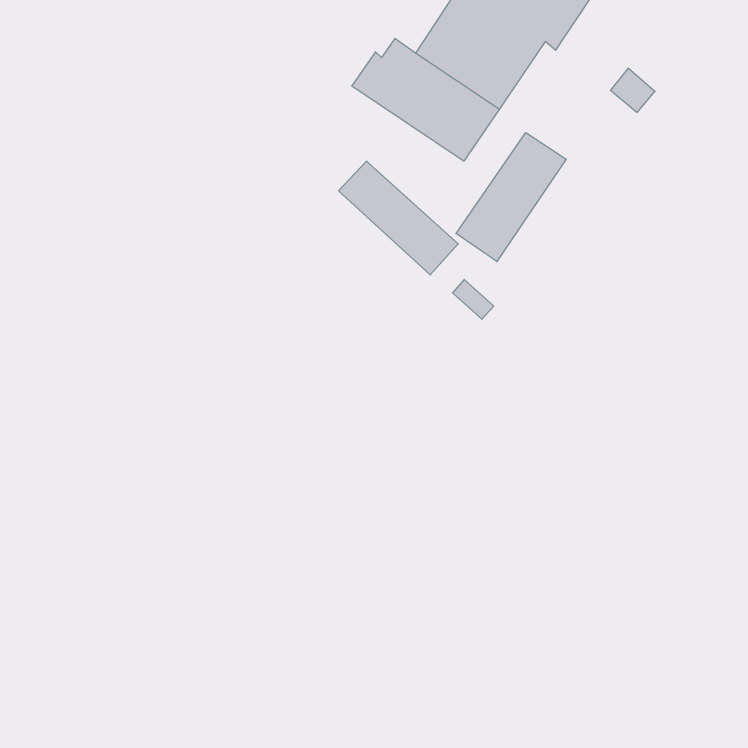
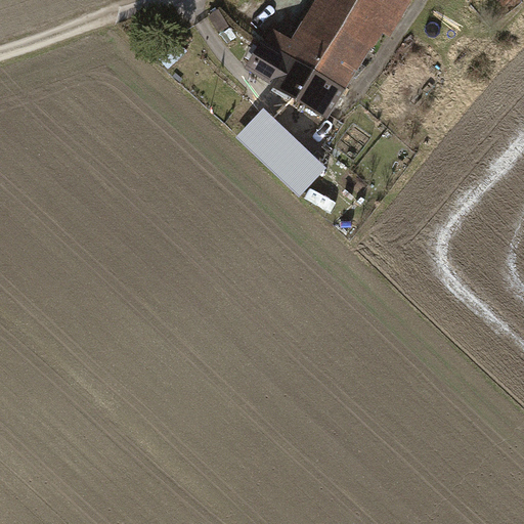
building: [456,133,566,262] -> none

